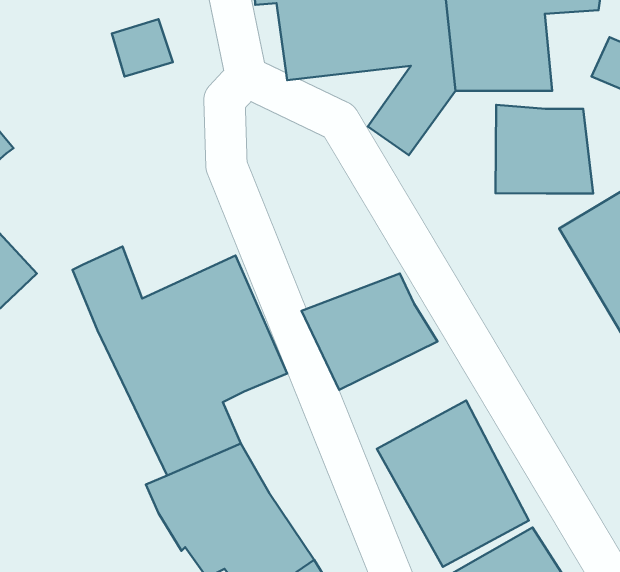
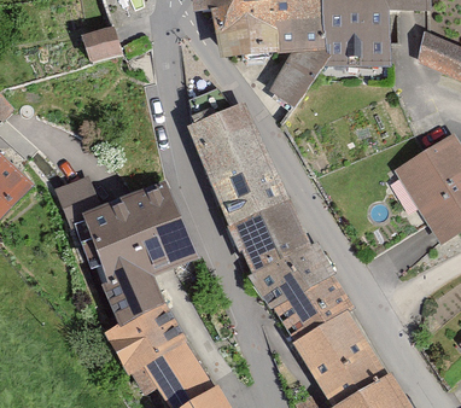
building: [495,105,593,193] -> none
building: none -> [174,95,282,218]
building: none -> [241,239,327,311]

